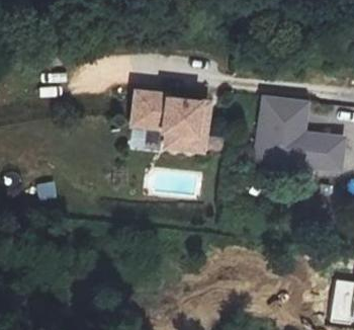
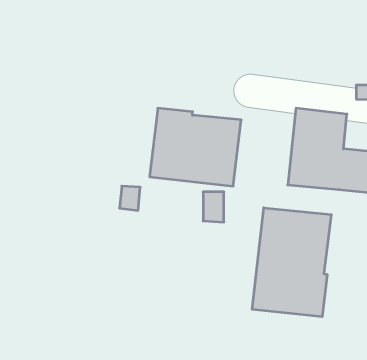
building: none -> [252,208,331,317]

